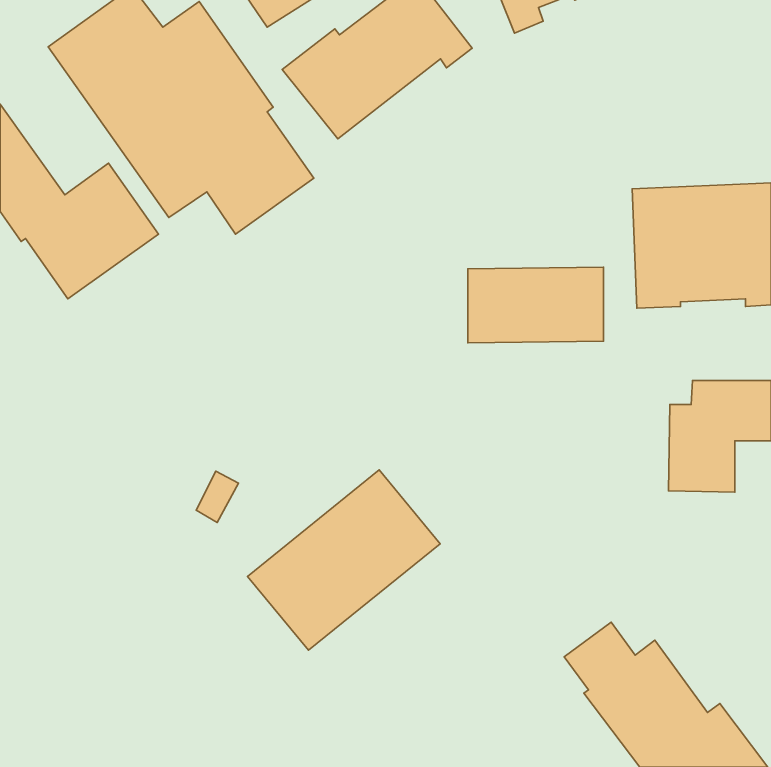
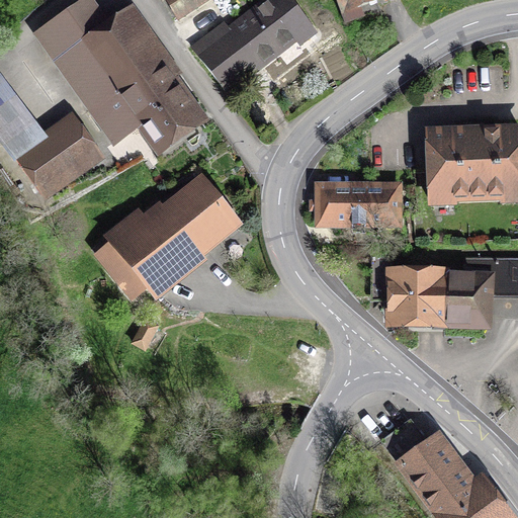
building: none -> [90,172,244,301]
building: none -> [384,266,449,329]
building: [247,470,440,650] -> none

